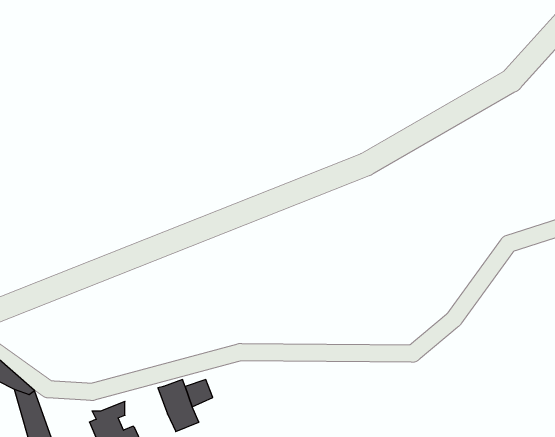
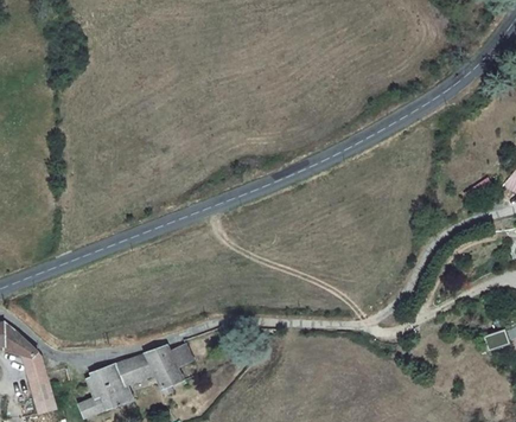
building: none -> [112,351,154,388]

